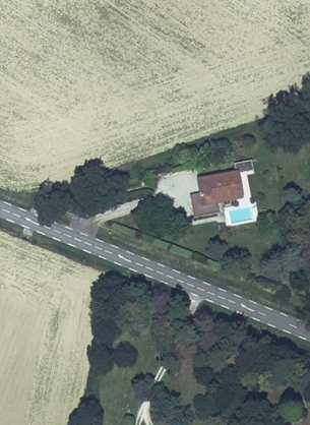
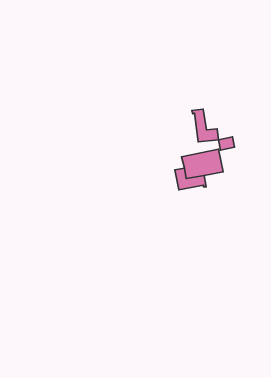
building: none -> [192,109,218,142]

